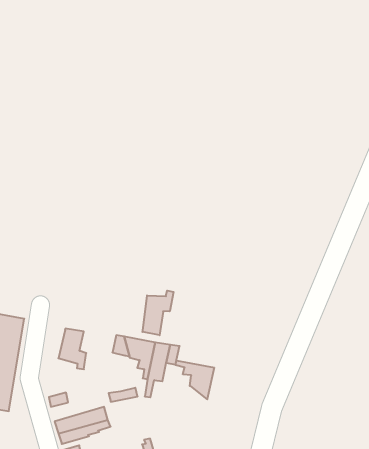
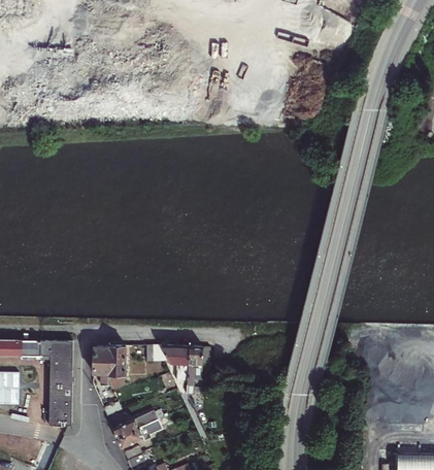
building: [142,291,174,335] -> none
building: none -> [92,345,108,385]
building: [175,360,214,399] -> none

